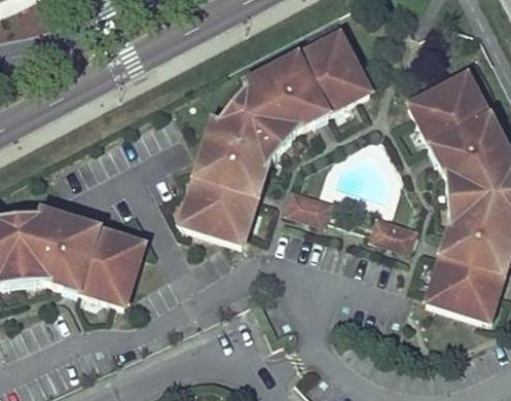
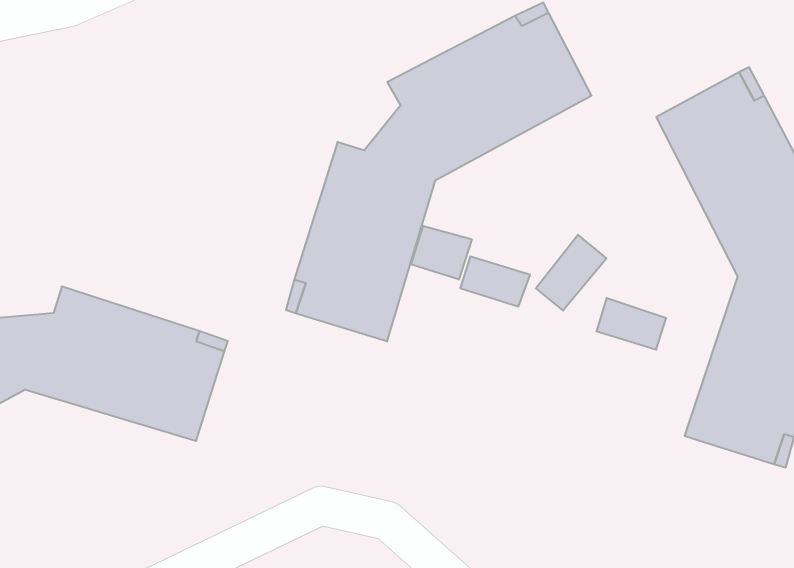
building: none -> [411,226,472,280]
building: none -> [536,235,606,311]

